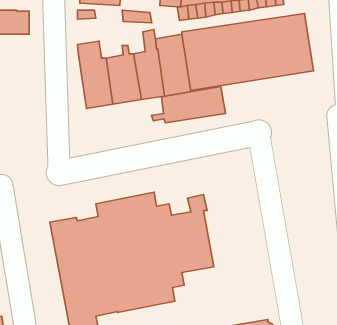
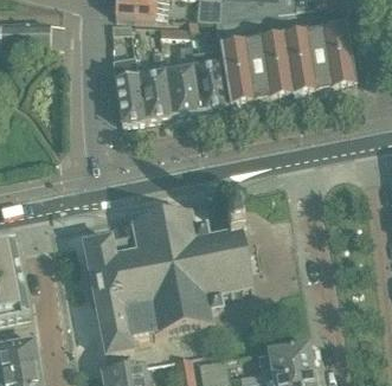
building: [152,86,225,123] -> none

